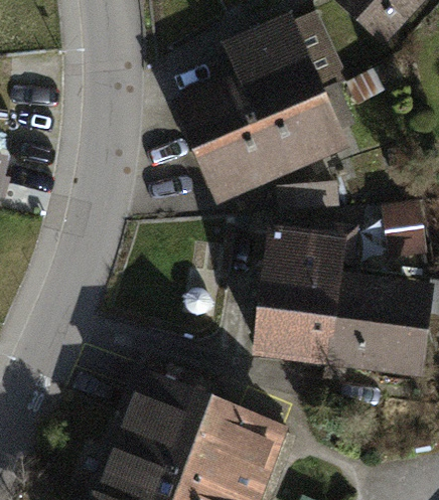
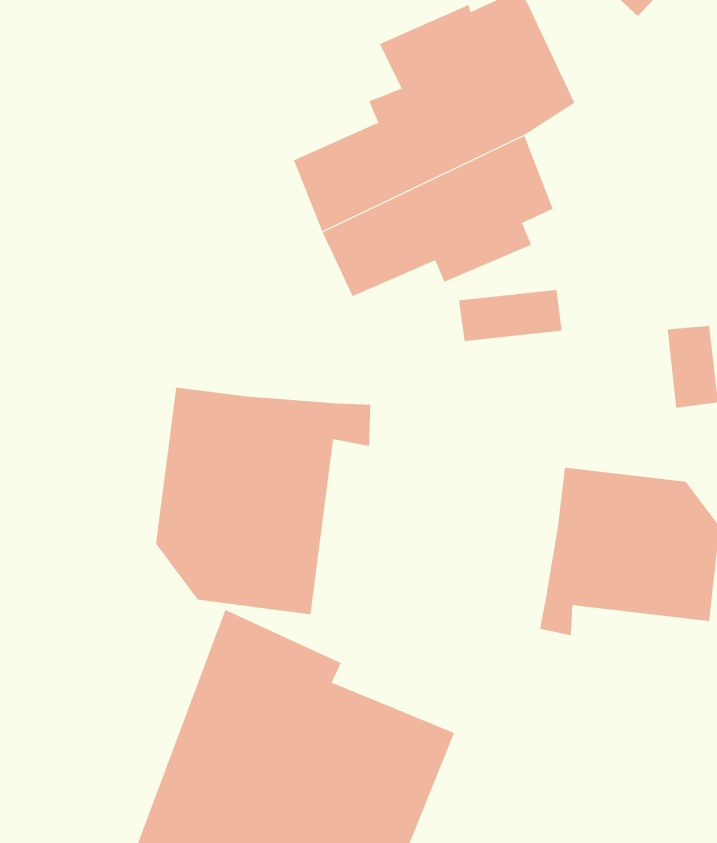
building: [262,233,356,359] -> none
building: none -> [156,387,371,615]

